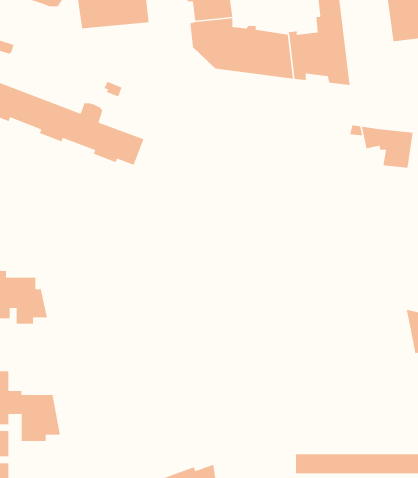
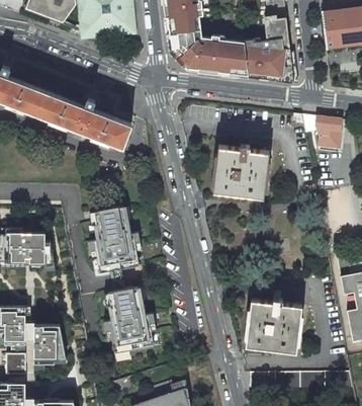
building: none -> [212,145,269,197]
building: none -> [89,206,155,353]
building: none -> [246,298,301,350]

